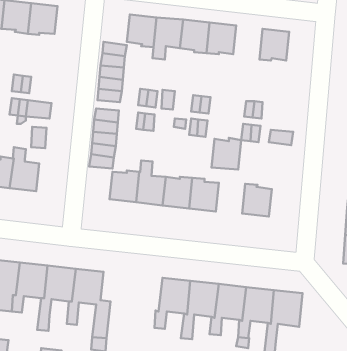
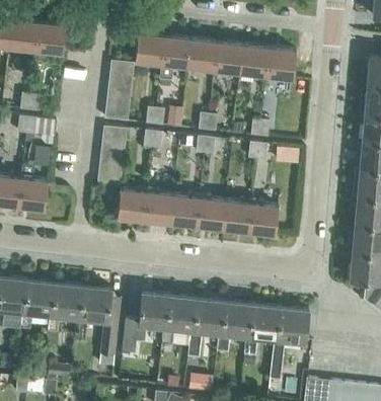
building: none -> [240,45,270,78]
building: [212,138,241,170] -> [223,199,252,231]
building: none -> [123,292,170,353]

